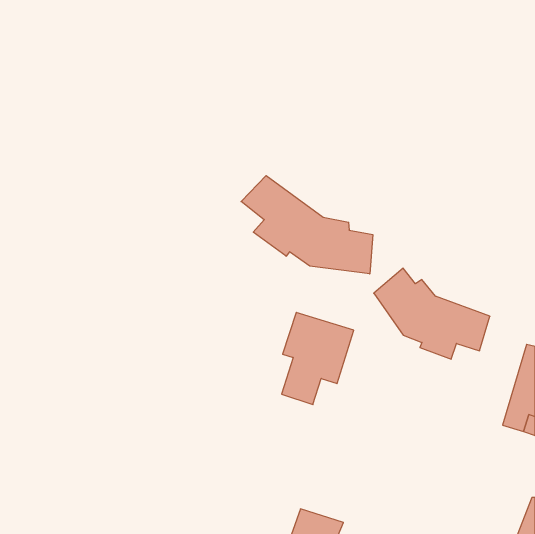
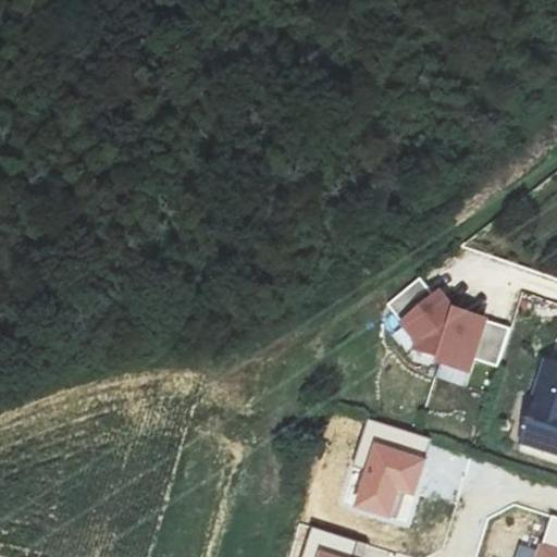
building: [241,176,373,274] -> none
building: [282,312,354,405] -> [355,422,430,518]

